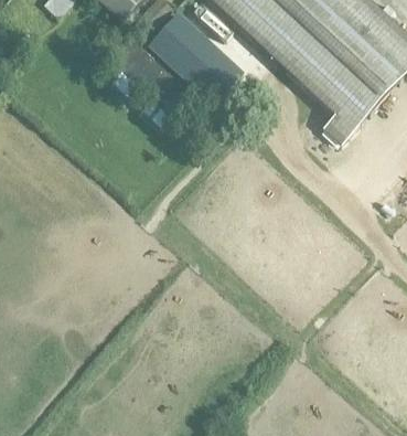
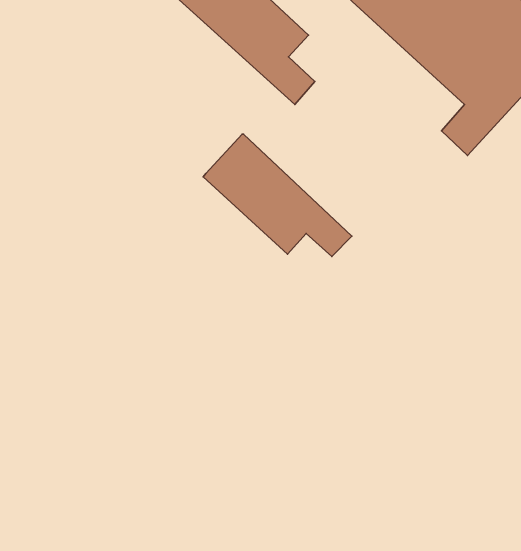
building: none -> [203,134,352,257]

